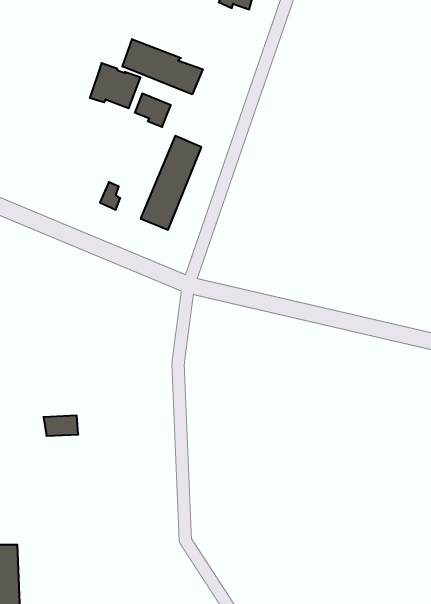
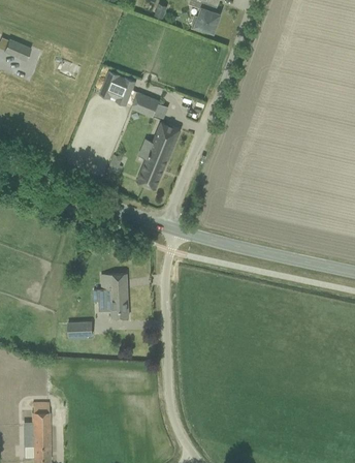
building: [122,39,203,94] -> none
building: none -> [99,273,128,317]

